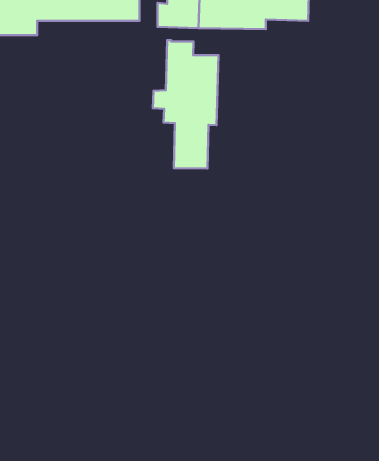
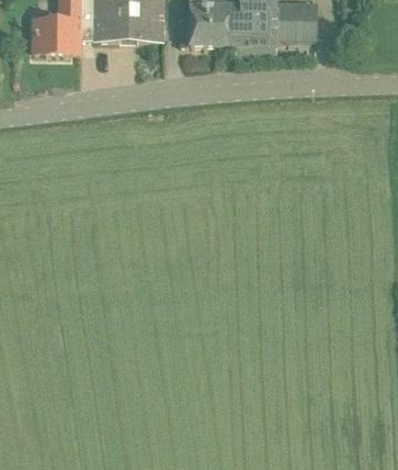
building: [153,40,219,169] -> none

